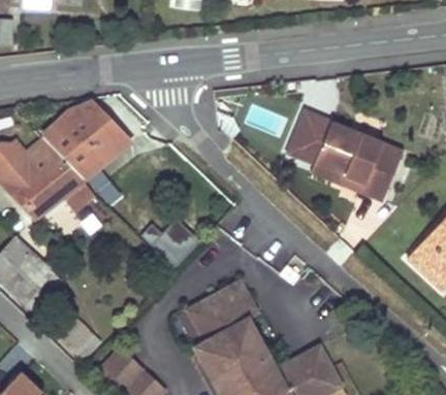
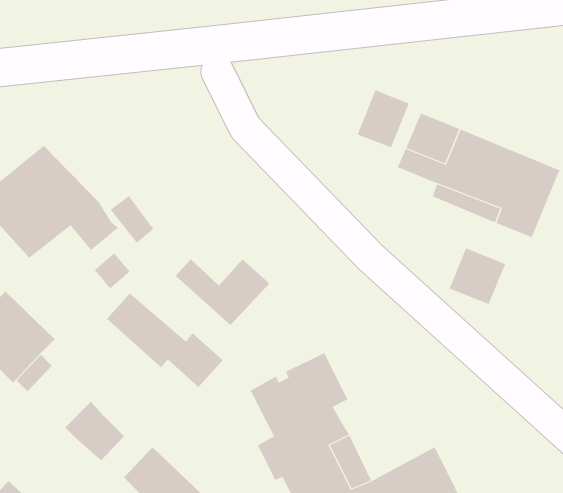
building: none -> [357,90,410,148]
building: [41,102,128,176] -> none
building: none -> [449,248,506,305]
building: none -> [106,292,223,388]

